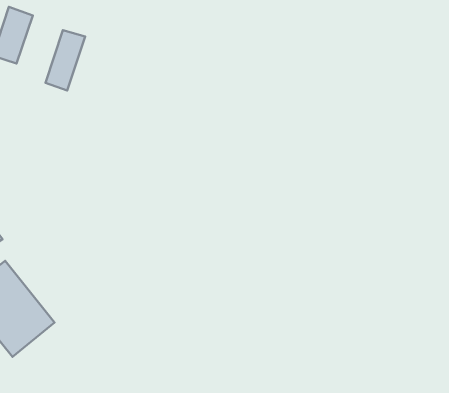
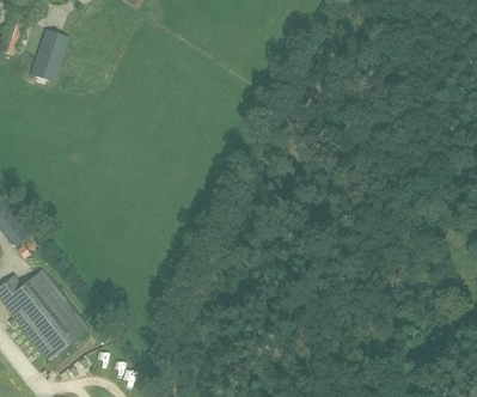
building: [46,30,85,90] -> none

